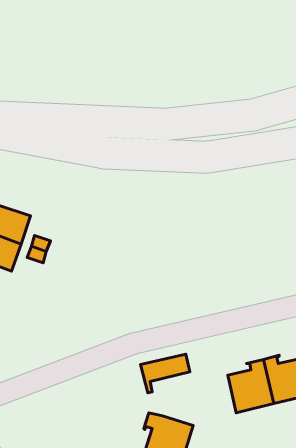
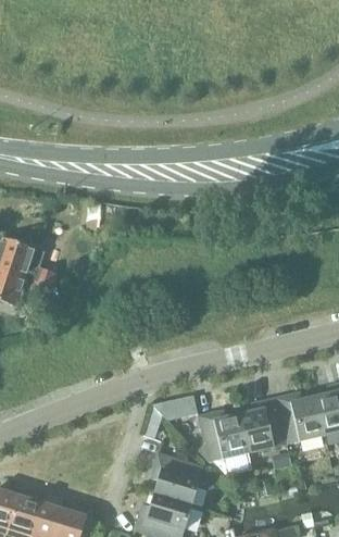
building: none -> [197,412,247,462]

